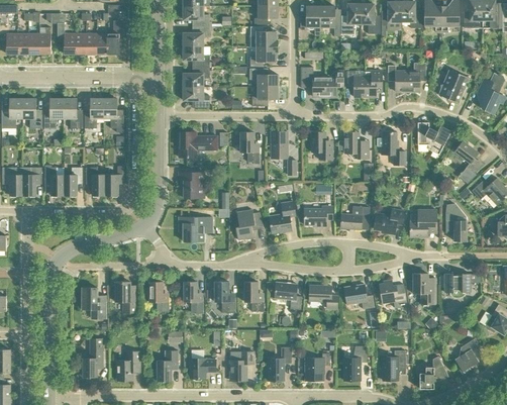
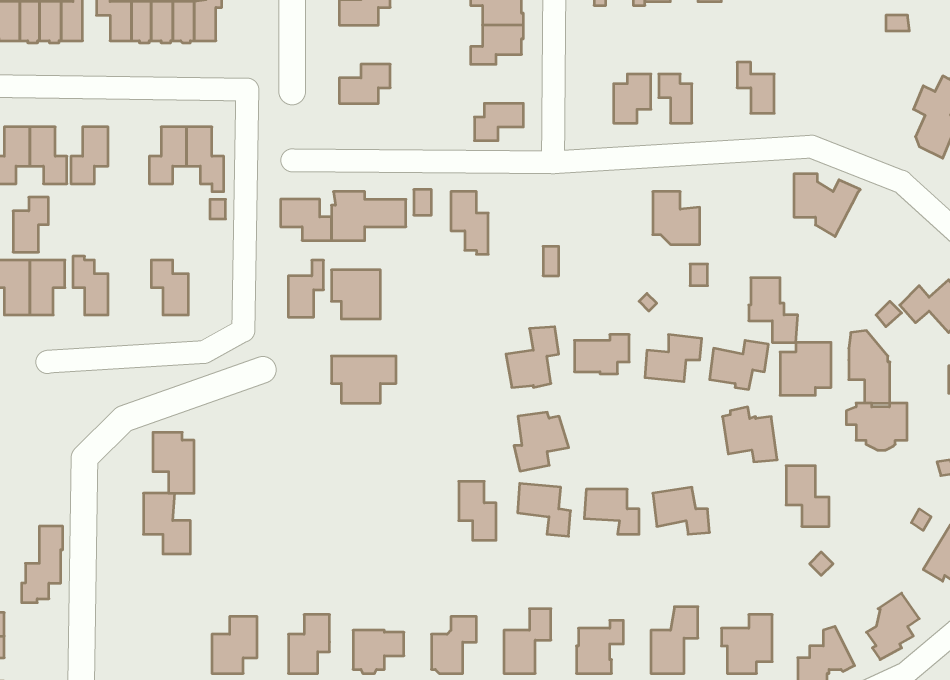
building: [182,45,208,66] -> none
building: [406,63,424,91] -> none
building: [300,67,323,96] -> none
building: [248,68,277,86] -> none
building: [437,70,469,103] -> none
building: [364,71,381,96] -> none
building: [182,86,208,107] -> [281,199,331,240]
building: [63,98,82,127] -> none
building: [270,131,287,158] -> none
building: [310,131,331,159] -> none
building: [380,131,405,165] -> [749,278,798,342]
building: [453,140,484,183] -> none
building: [104,166,122,195] -> [288,260,324,317]
building: [63,167,81,195] -> [13,197,48,252]
building: [234,209,263,239] -> [514,412,569,471]
building: [438,273,470,297] -> [846,403,907,450]
building: [378,279,406,307] -> [722,407,777,462]
building: [114,281,135,312] -> [153,432,194,493]
building: [142,281,168,311] -> none
building: [183,281,202,313] -> none
building: [213,281,234,312] -> none
building: [81,338,102,378] -> [22,526,63,603]

